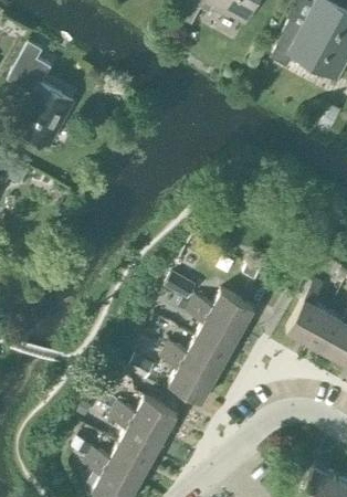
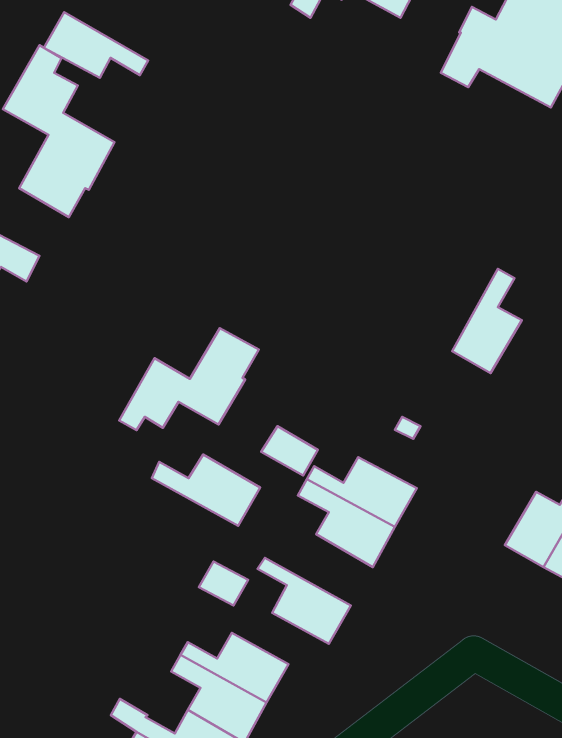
building: none -> [44,12,148,78]
building: none -> [119,328,259,430]
building: [286,281,328,343] -> [452,269,522,373]
building: [165,337,230,380] -> [152,455,260,526]

